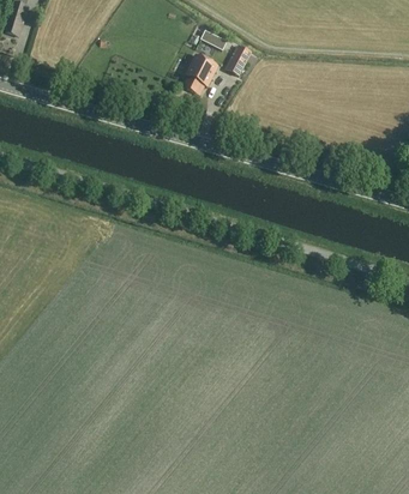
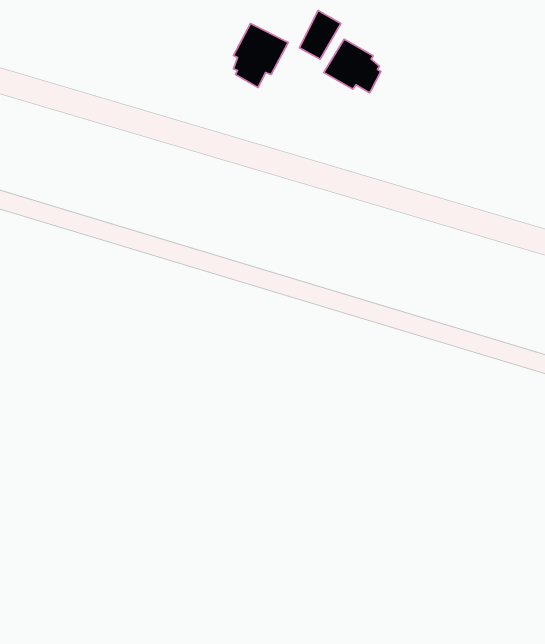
building: none -> [324,39,381,93]

